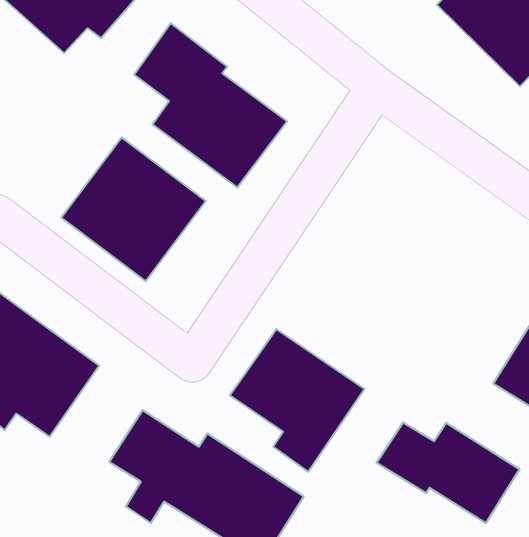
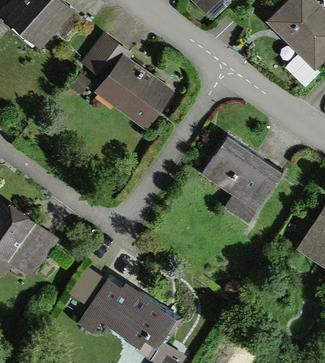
building: [61,137,206,281] -> none
building: [230,329,365,472] -> [201,137,282,223]
building: [376,422,520,523] -> none

